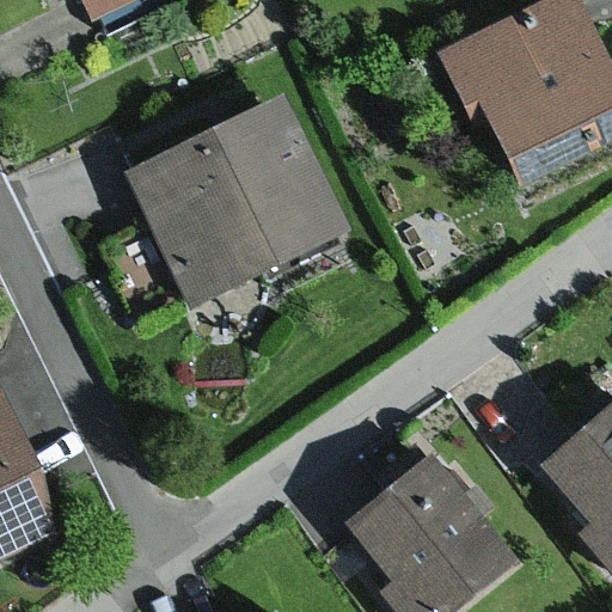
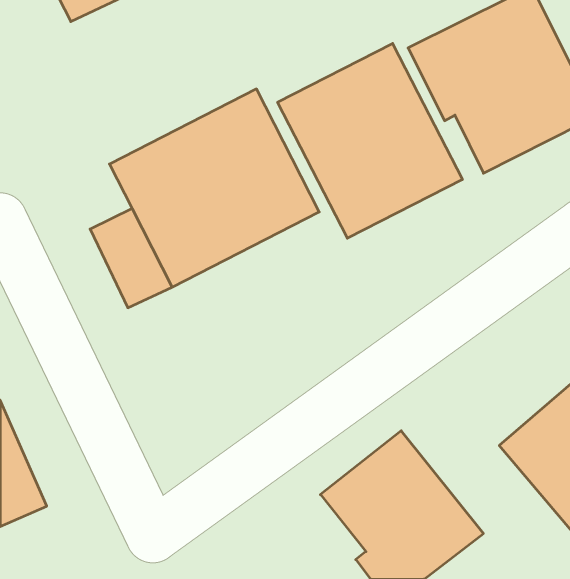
building: none -> [278,43,462,238]

